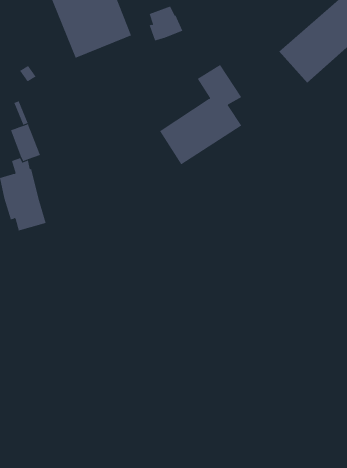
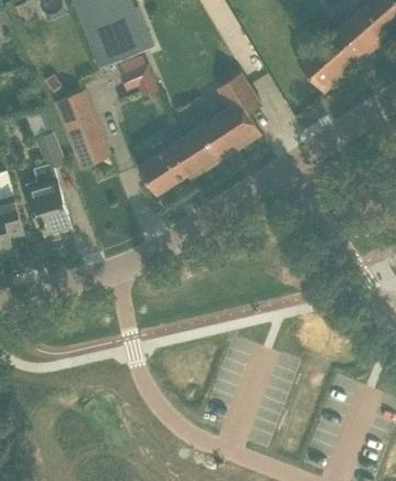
building: [149,6,183,41] -> [119,55,152,89]
building: none -> [53,88,109,167]
building: none -> [137,138,201,194]

